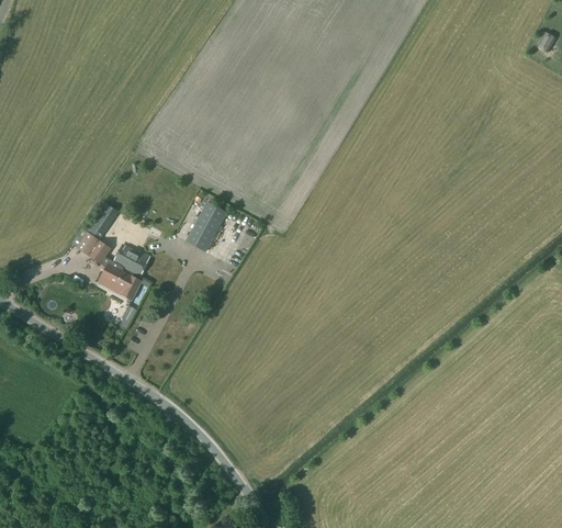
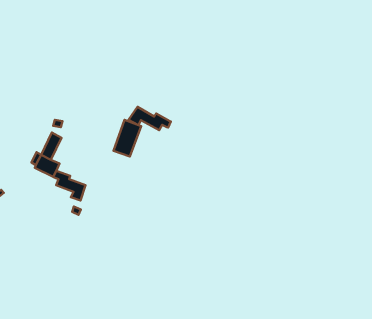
building: none -> [129,107,171,130]
building: [105,243,149,277] -> none

